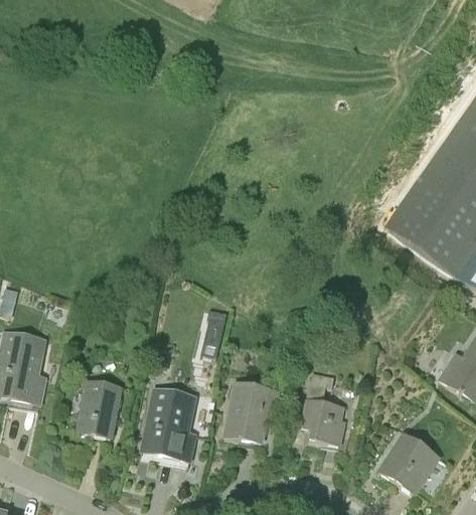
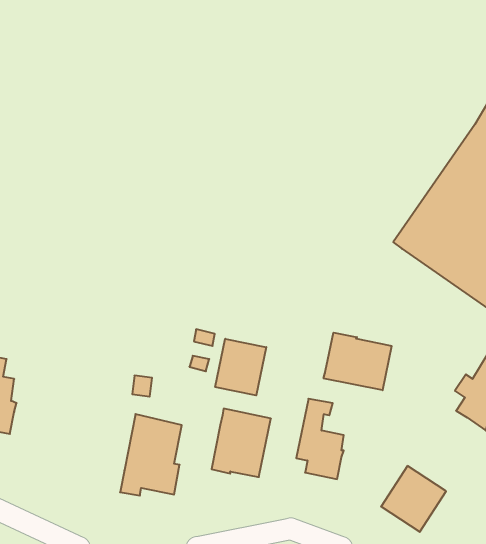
building: none -> [324,333,392,390]
building: none -> [215,339,266,395]
building: [75,377,124,439] -> none

